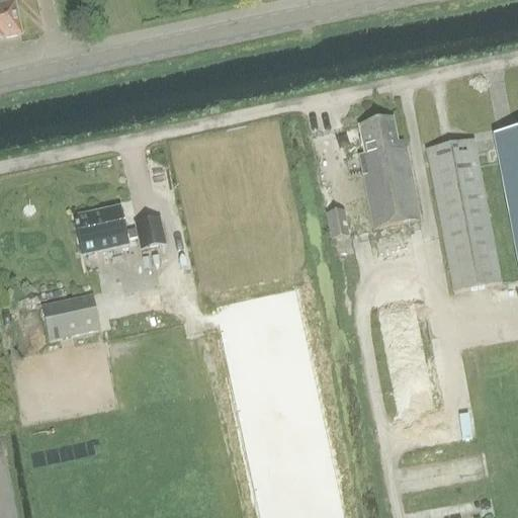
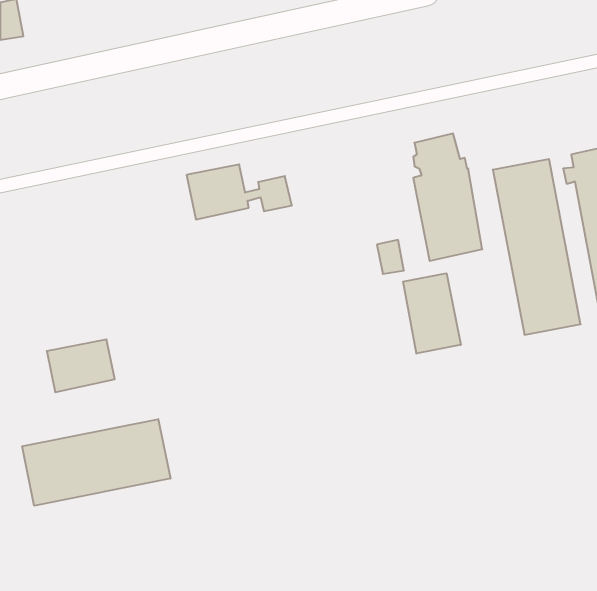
building: [75,205,166,253] -> [187,164,292,219]
building: none -> [403,273,461,354]
building: none -> [22,419,170,506]

